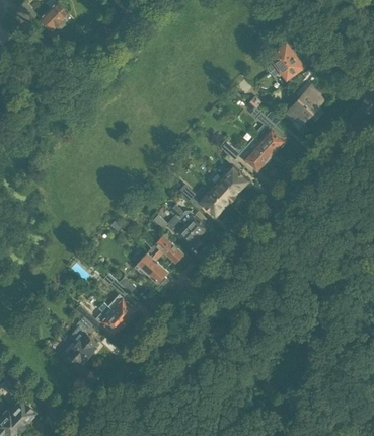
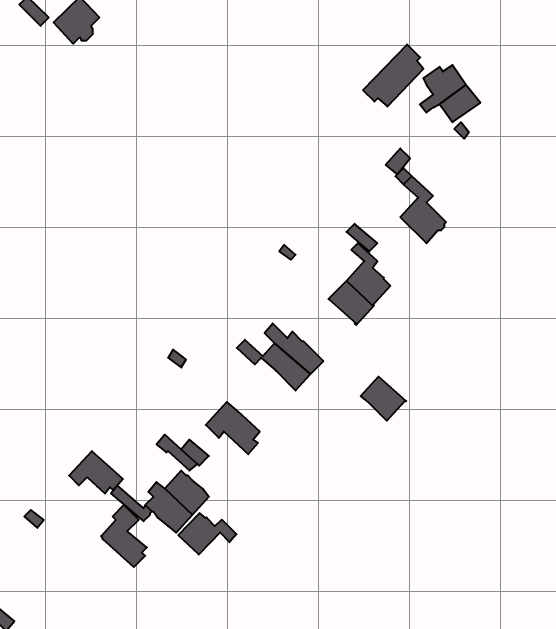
building: [286,85,323,124] -> [363,44,423,107]
building: [244,139,271,170] -> none
building: [199,190,227,217] -> [361,377,406,421]
building: [147,236,183,264] -> none
building: none -> [178,513,237,555]
building: [56,339,89,365] -> [69,451,123,494]

